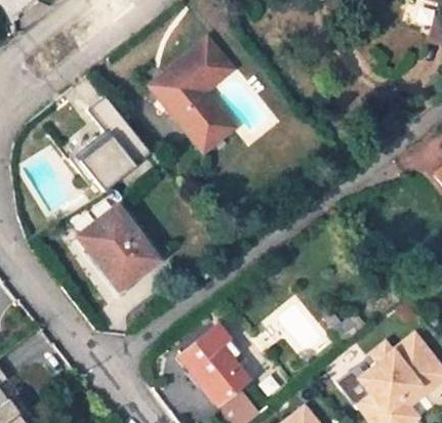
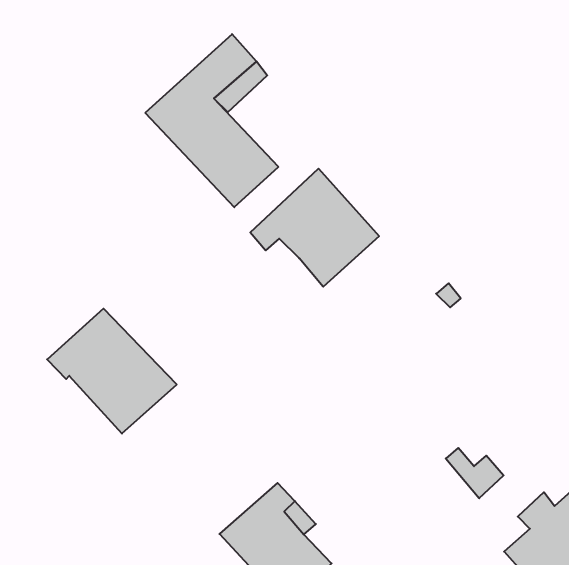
building: [72,95,153,192] -> none
building: none -> [250,169,379,287]

